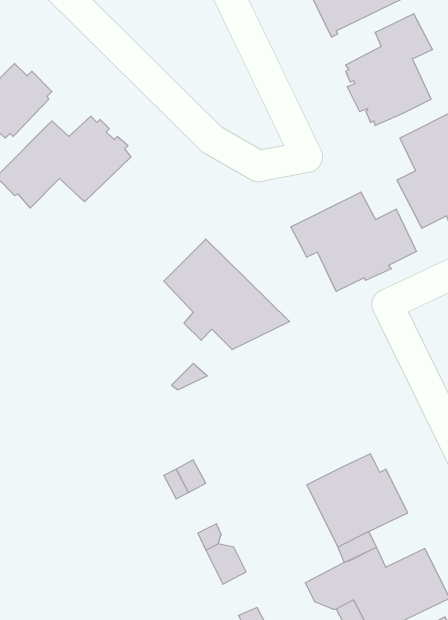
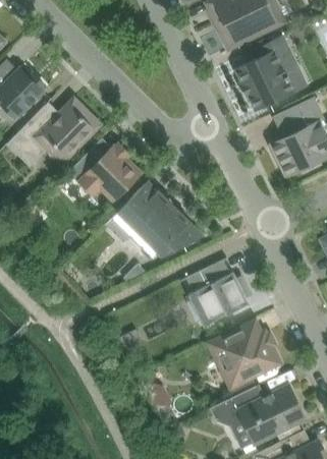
building: none -> [69,145,142,199]
building: [291,192,417,292] -> none
building: none -> [181,256,250,325]

